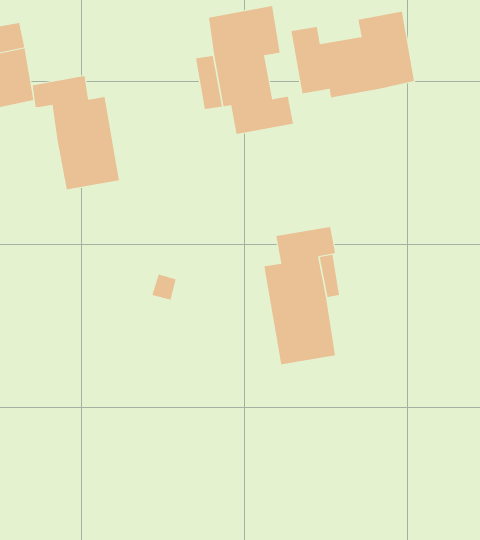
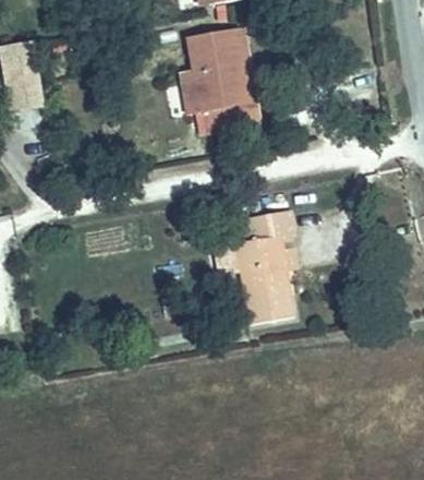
building: [291,11,414,98] -> none
building: [32,75,119,190] -> none

